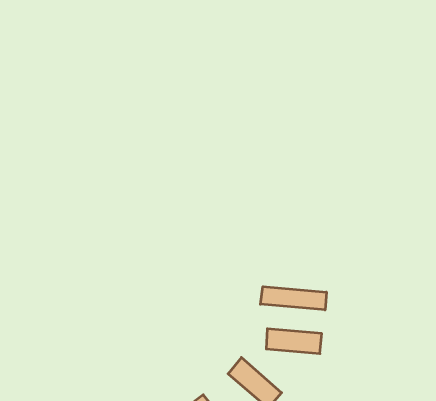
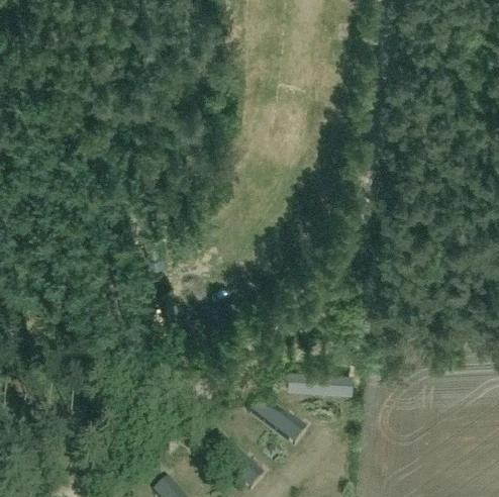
building: [260,287,326,310] -> none

